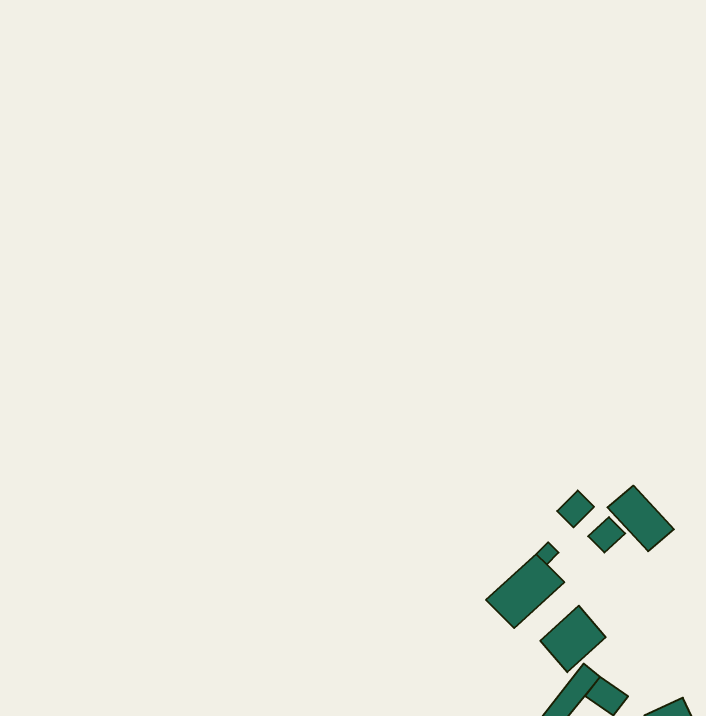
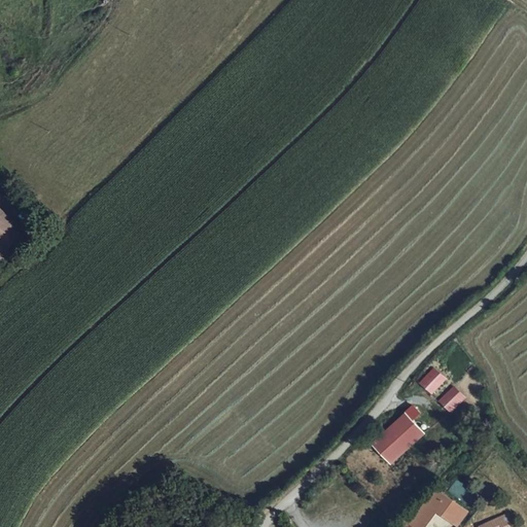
building: [607,486,674,551] -> none
building: [540,606,606,672] -> none

